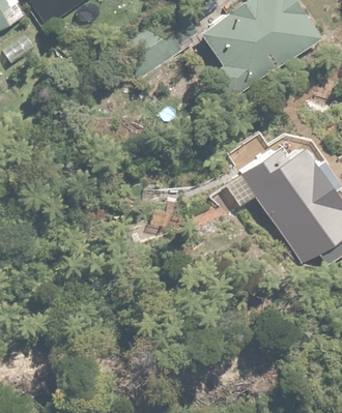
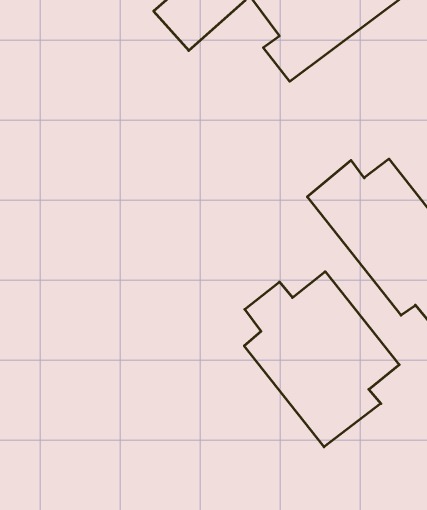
building: none -> [244,272,399,447]

